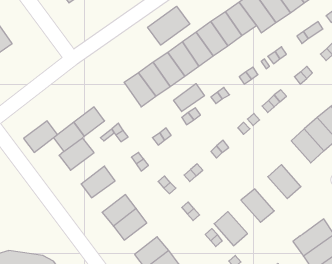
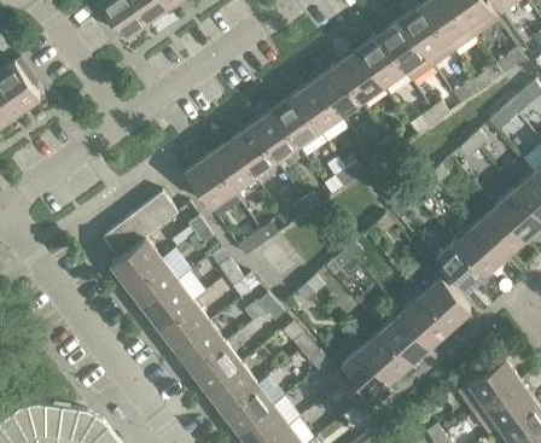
building: [148,6,190,45] -> none
building: none -> [185,156,232,208]
building: [174,84,204,112] -> none
building: [24,121,58,152] -> [127,260,178,307]
building: none -> [435,243,484,293]
building: none -> [401,296,449,346]
building: none -> [158,302,209,349]
building: none -> [361,331,409,380]
building: none -> [206,365,256,412]

